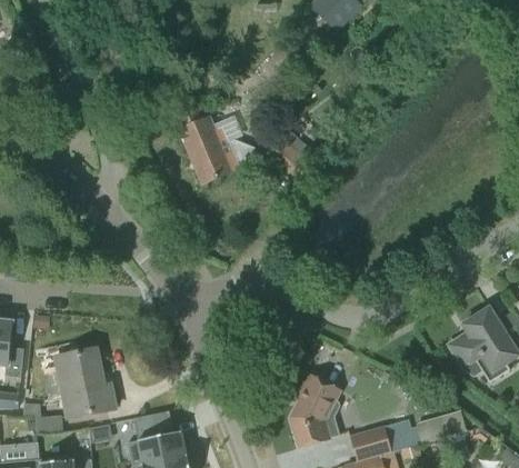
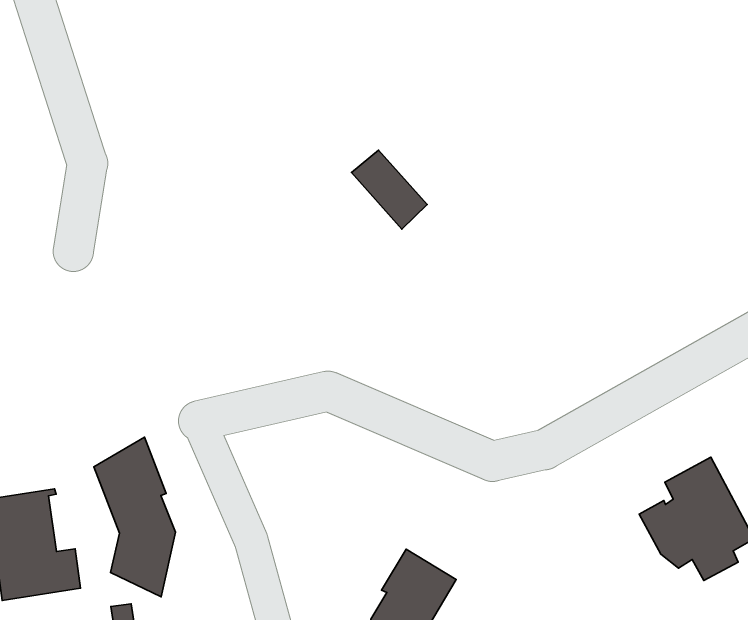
building: [170,94,259,183] -> none
building: none -> [94,437,175,597]

